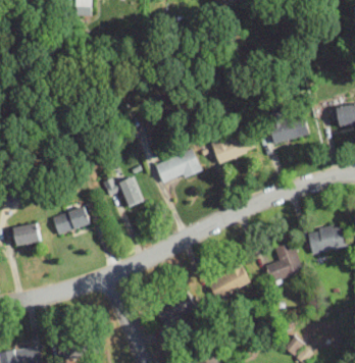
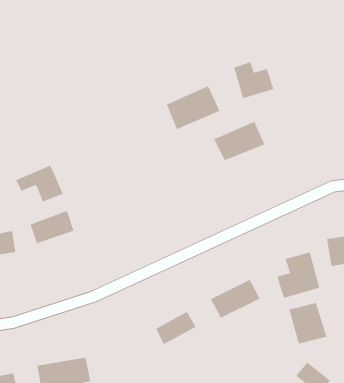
building: [266,112,302,145] -> [233,61,275,99]
building: [155,149,202,188] -> [166,85,221,130]
building: [102,174,144,207] -> [15,164,64,202]
building: none -> [289,302,327,345]

